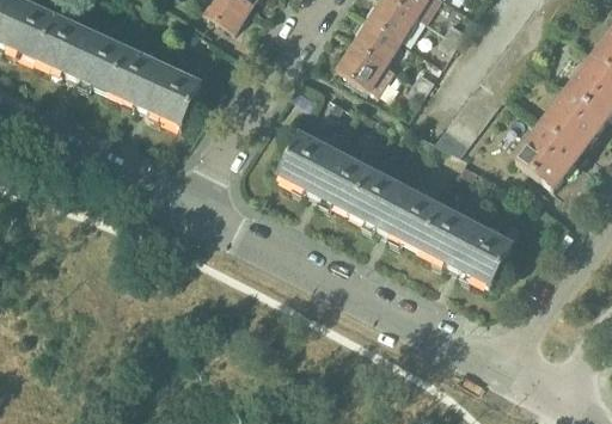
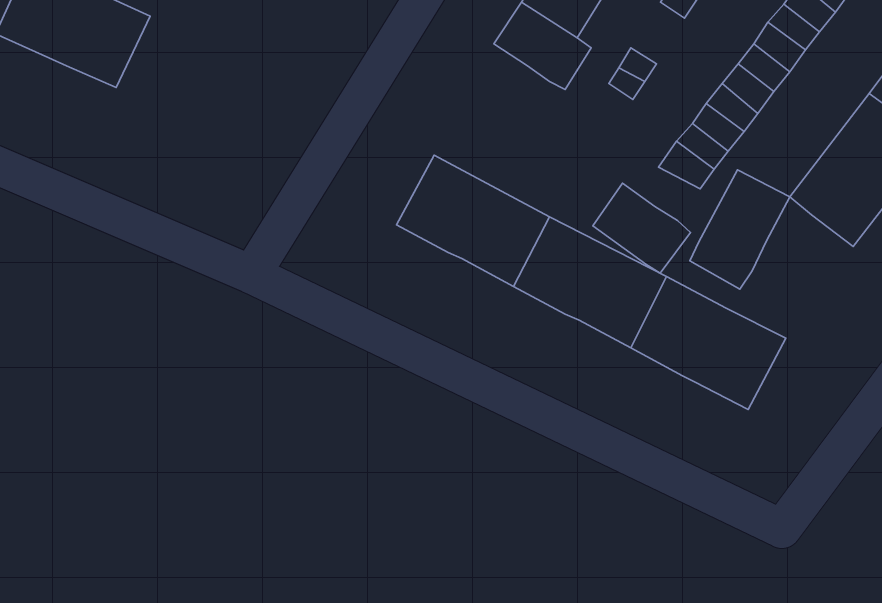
building: [110,48,201,123] -> none
building: none -> [690,170,790,289]
building: none -> [593,183,690,273]

